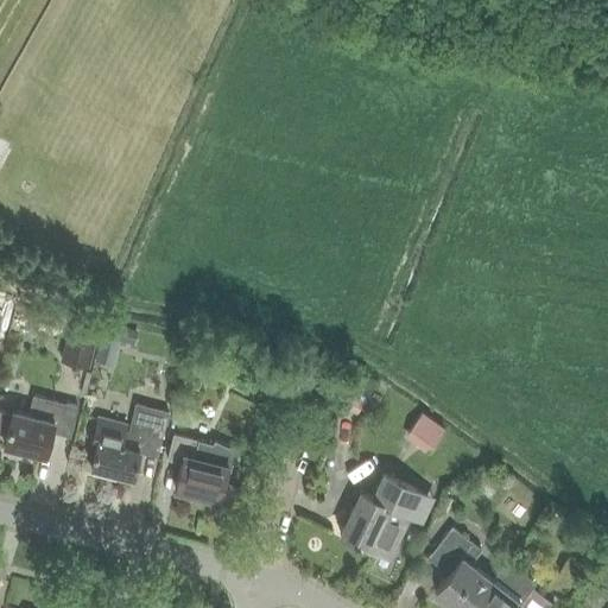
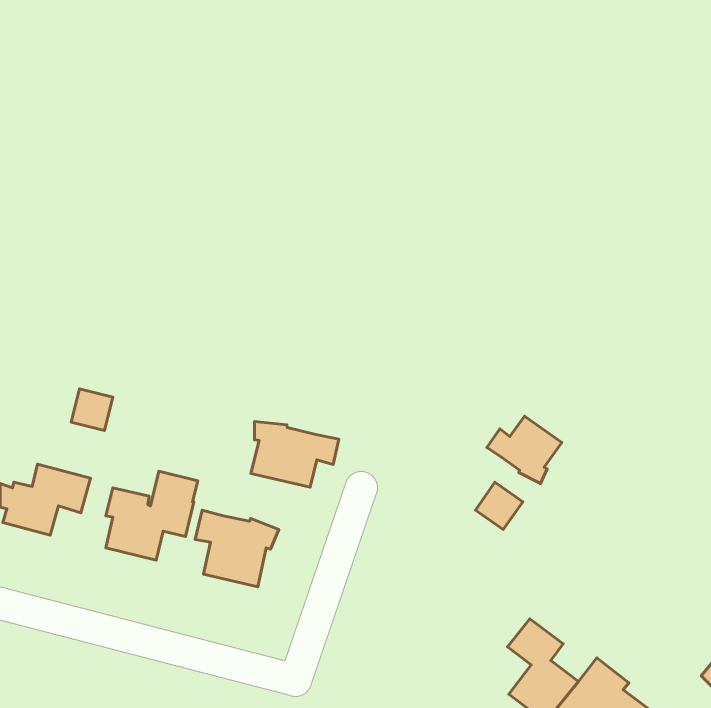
building: none -> [487,416,562,484]
building: none -> [251,421,339,487]
building: [341,477,432,562] -> none

